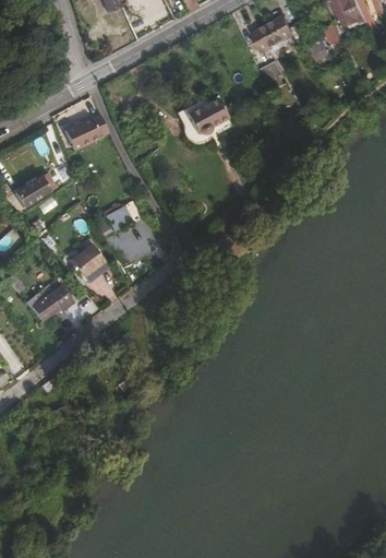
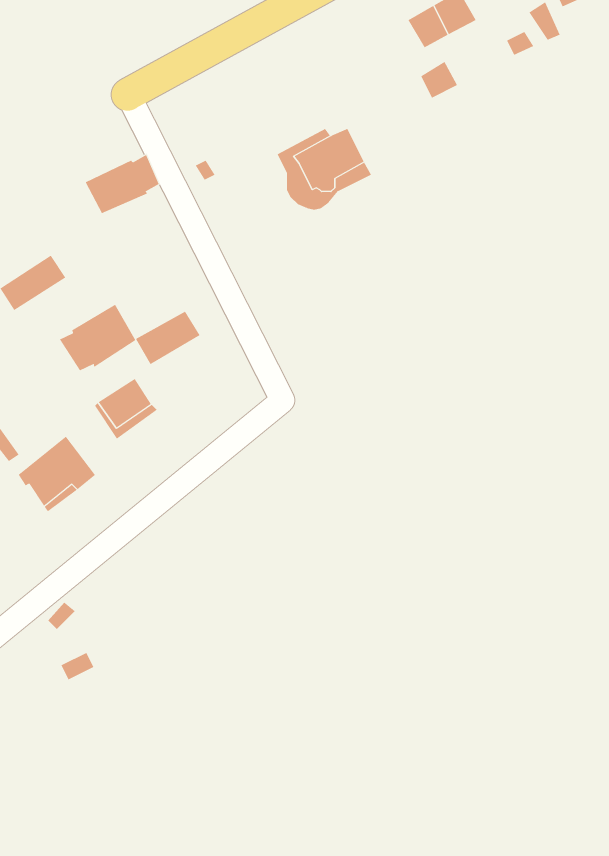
building: none -> [59,304,136,371]

